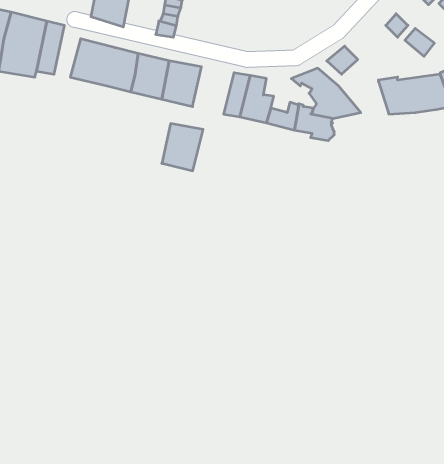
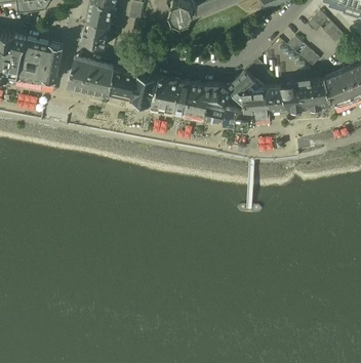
building: none -> [201,84,231,103]
building: none -> [264,86,288,110]
building: [162,124,203,171] -> [152,76,180,109]

